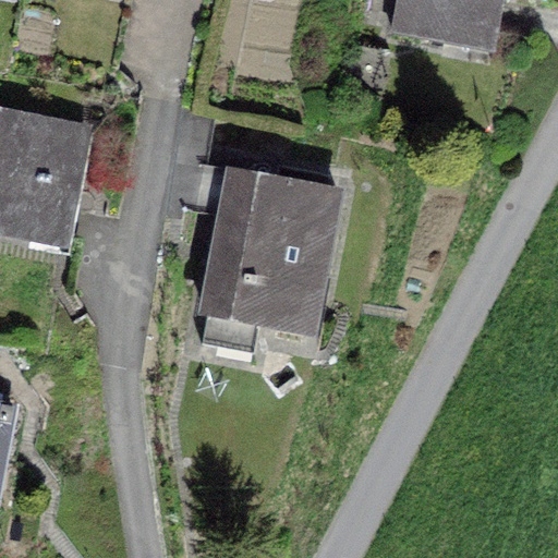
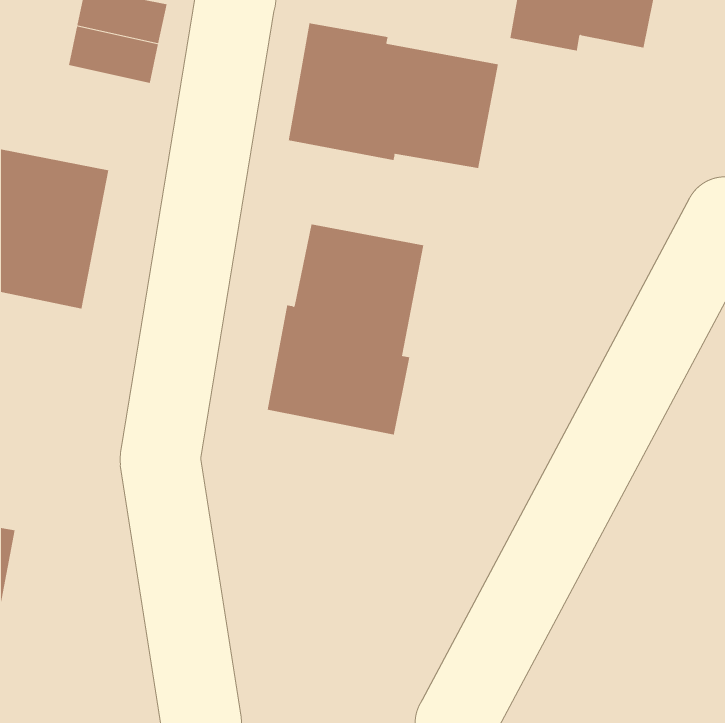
building: none -> [288,22,499,169]

